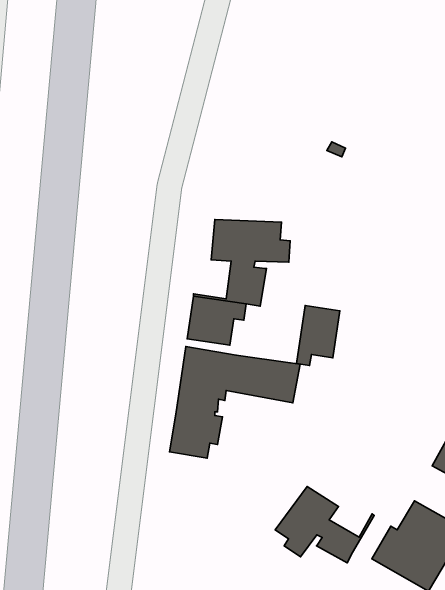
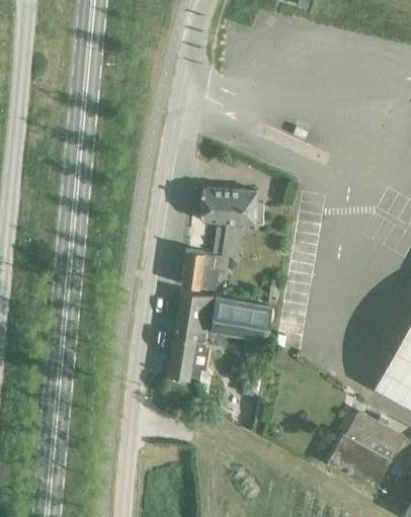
building: [296,306,340,365] -> none
building: [275,487,374,563] -> none

